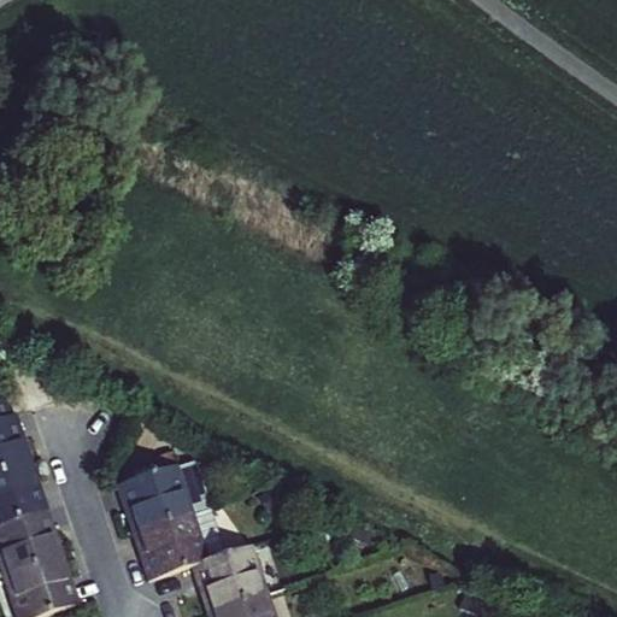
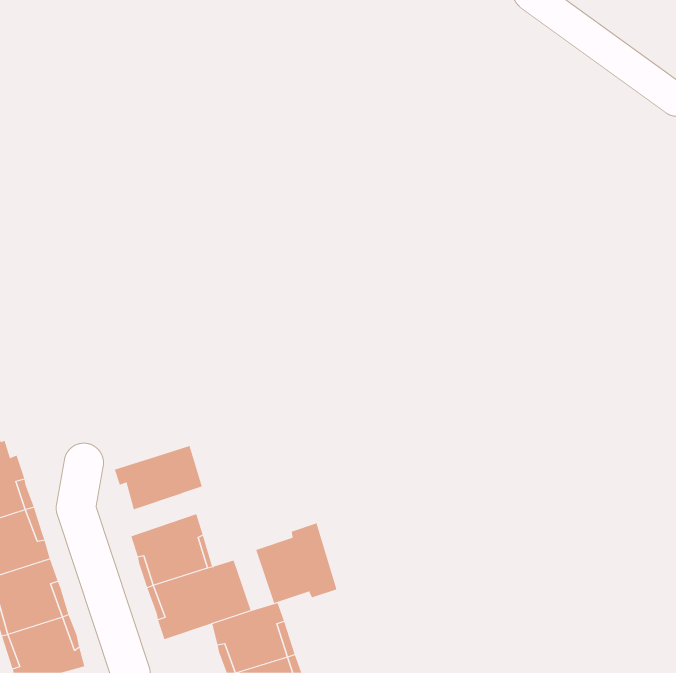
building: none -> [114,445,203,510]
building: none -> [256,523,337,604]

